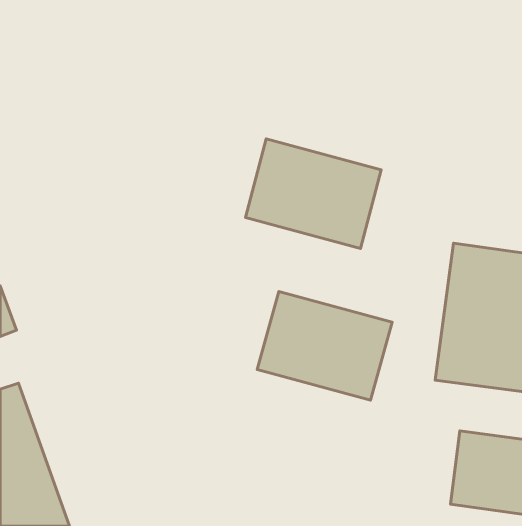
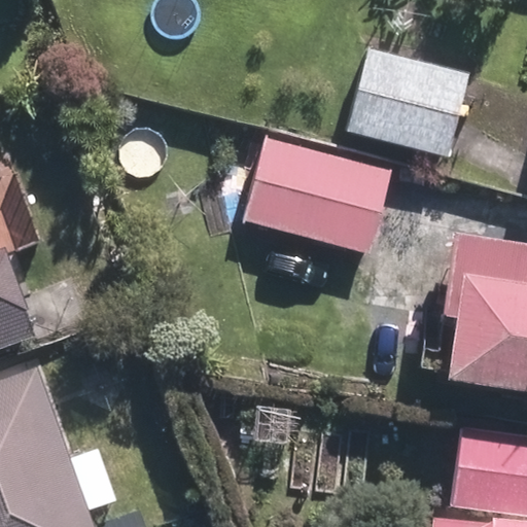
building: none -> [356,51,462,155]
building: [257,292,392,400] -> none

